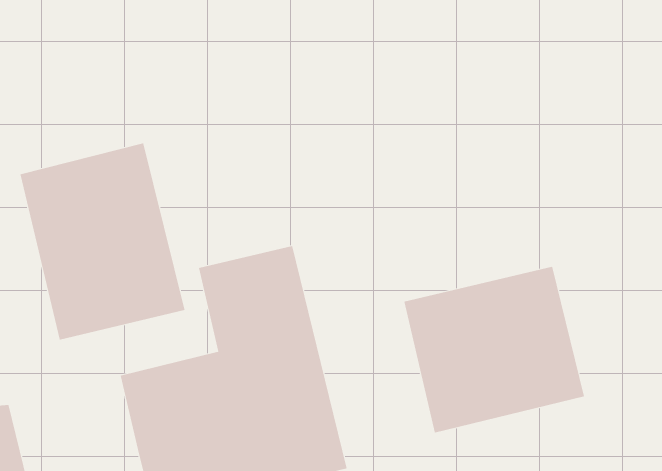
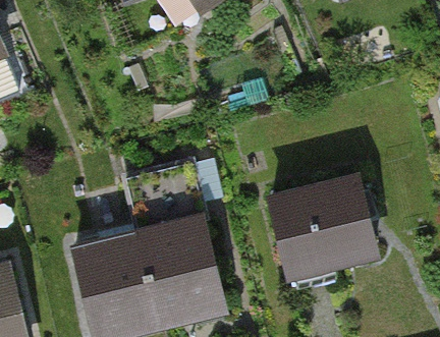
building: [20,142,185,341] -> none

